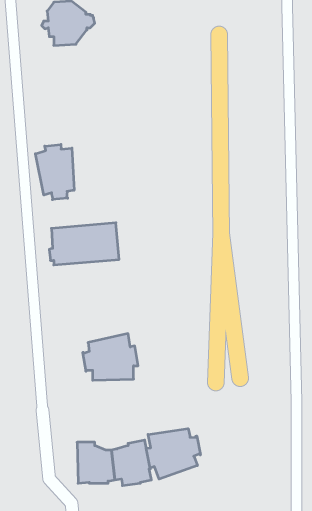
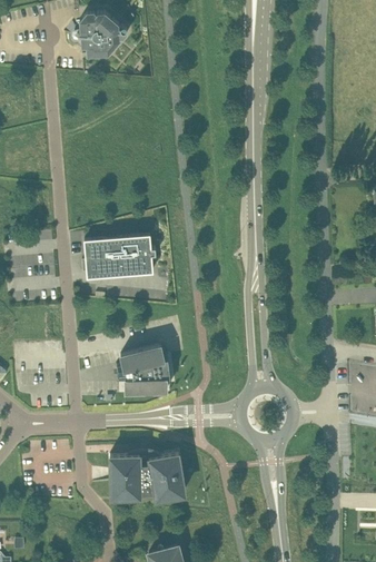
building: [35,144,74,200] -> none
building: [146,429,200,479] -> none

